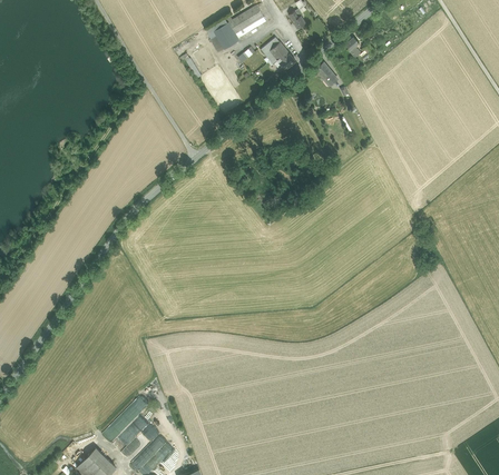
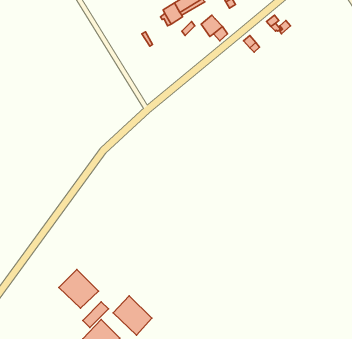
building: none -> [59,270,98,308]
building: none -> [113,296,152,335]

